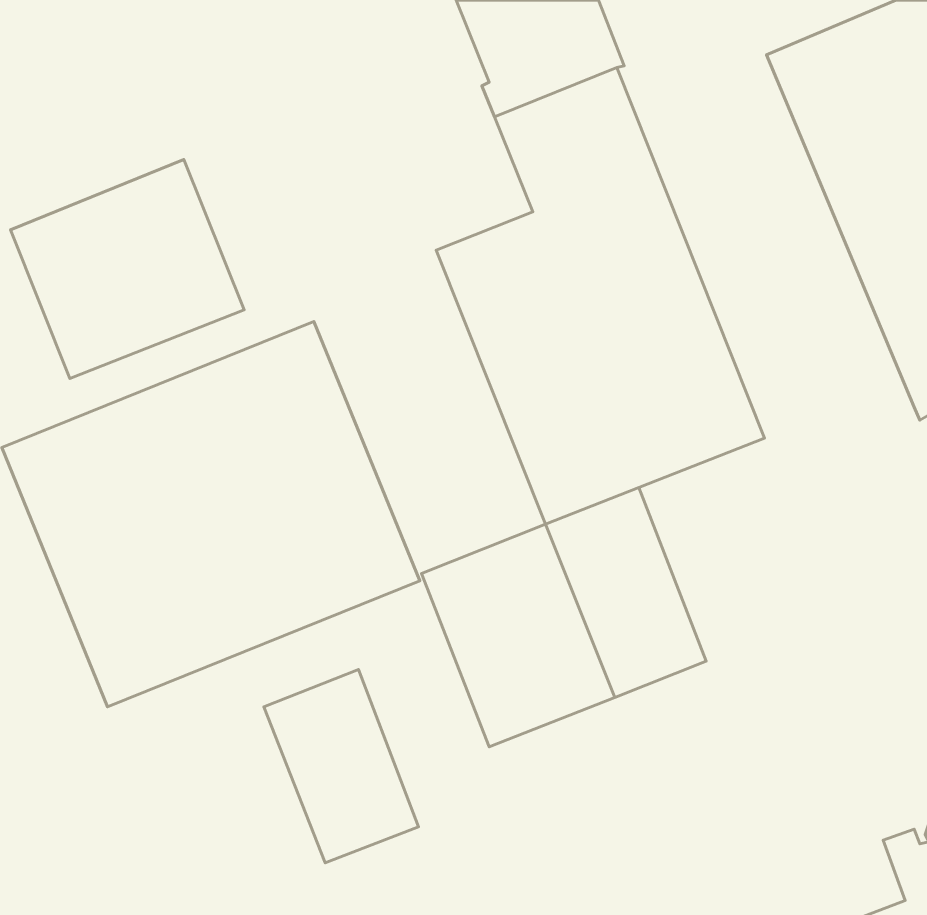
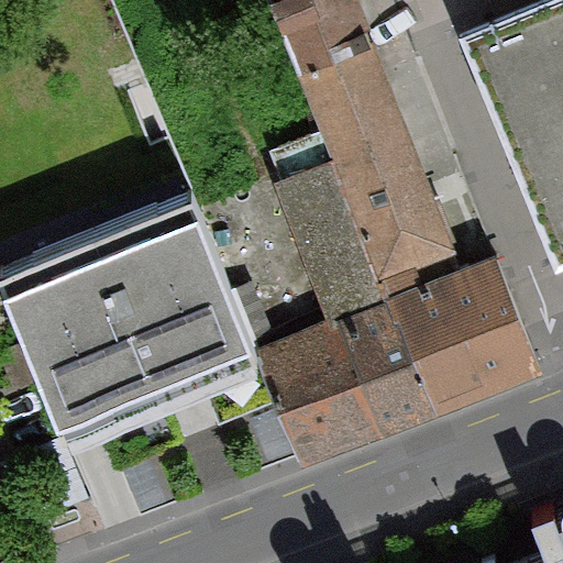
building: [11,159,244,378] -> none
building: none -> [388,265,530,409]
building: [264,670,419,863] -> none

